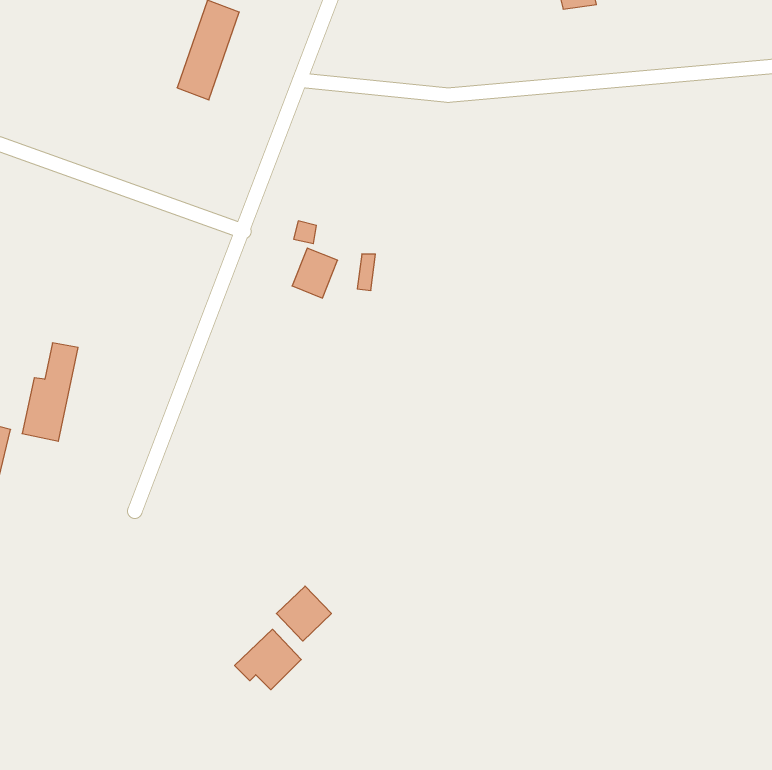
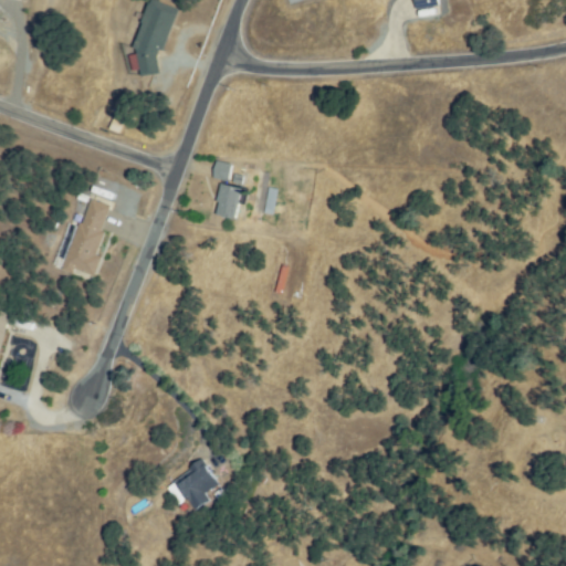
building: [22,343,78,441] -> [66,200,107,272]
building: [276,586,331,641] -> none

